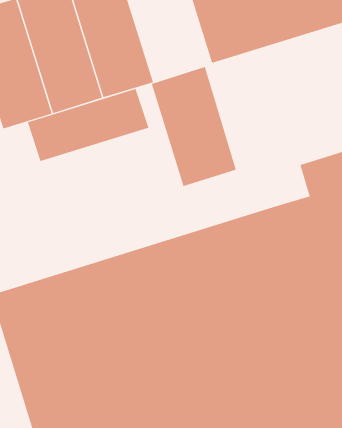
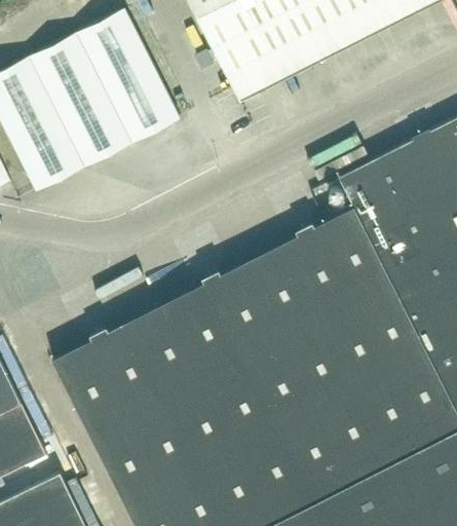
building: [151,66,237,187] -> none
building: [27,88,149,162] -> none

